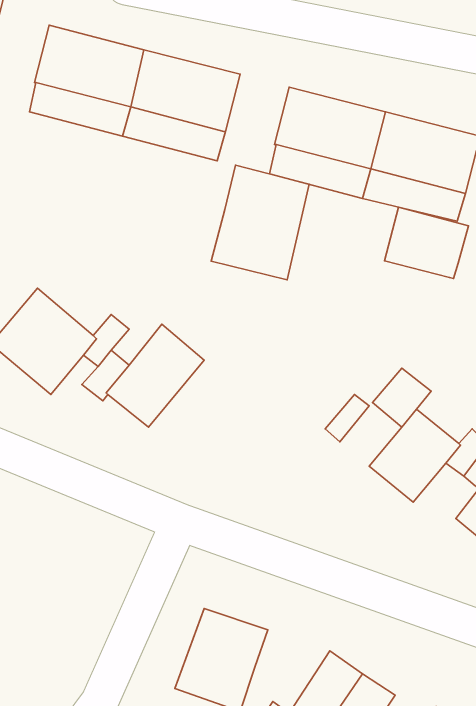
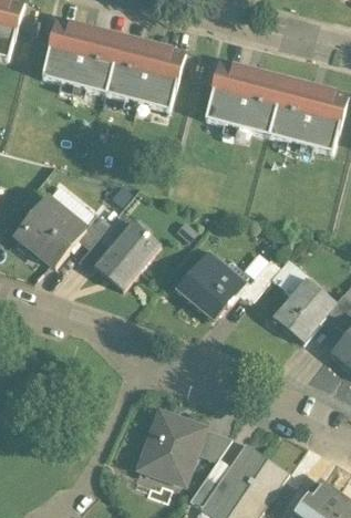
building: [211,165,309,280] -> none
building: [385,207,468,278] -> none
building: none -> [179,249,246,315]
building: none -> [195,427,233,460]

